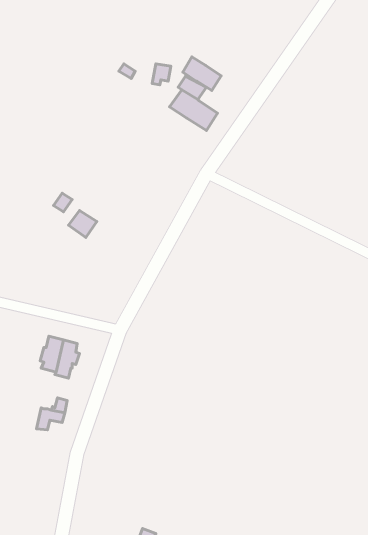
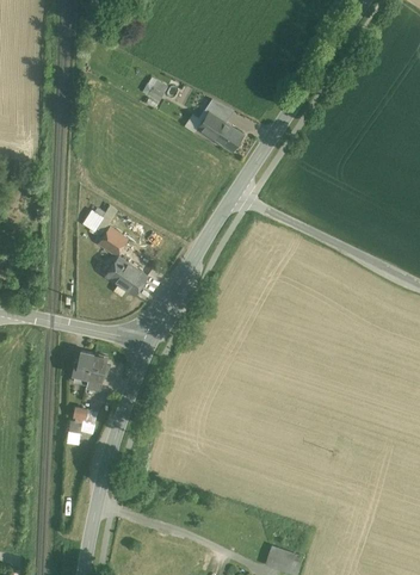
building: [183,57,221,91] -> none
building: none -> [105,255,148,295]

